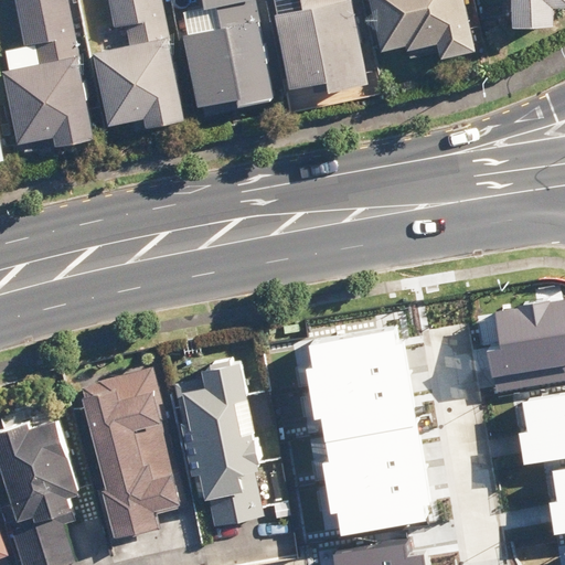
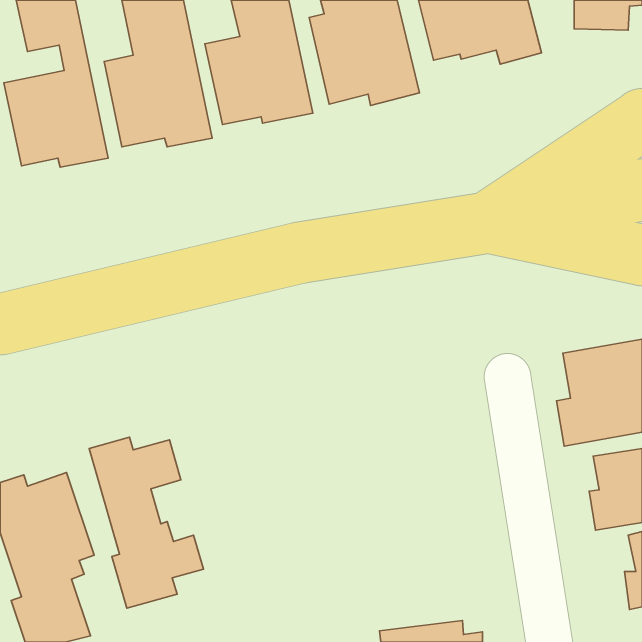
building: [294,324,431,537] -> none
building: [174,356,264,522] -> none

